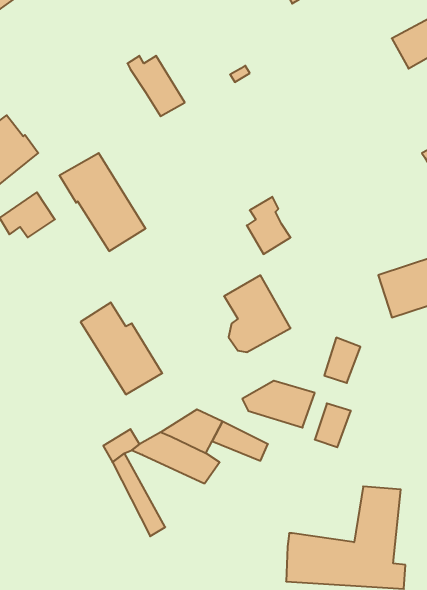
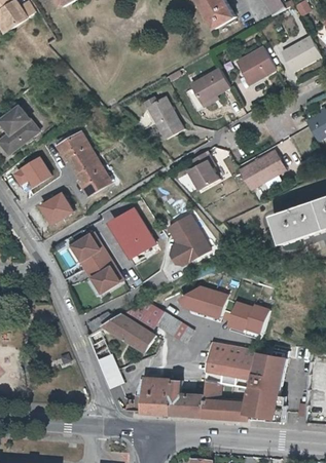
building: none -> [236,44,276,82]
building: [127,56,185,116] -> [144,95,183,137]
building: none -> [185,67,230,110]
building: none -> [232,156,279,195]
building: none -> [38,191,72,224]
building: none -> [101,205,155,258]
building: [324,338,360,383] -> [246,301,270,332]
building: none -> [210,346,260,393]
building: none -> [133,380,209,420]

